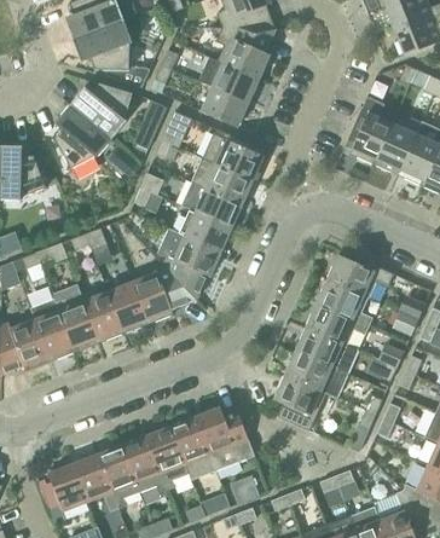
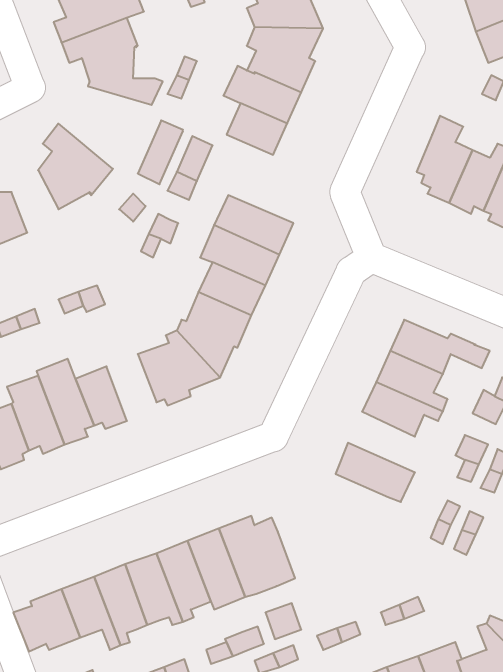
building: [70,83,132,138] -> none
building: [202,133,264,180] -> none
building: [108,282,146,334] -> none
building: [295,326,358,374] -> none
building: [274,375,326,430] -> none

